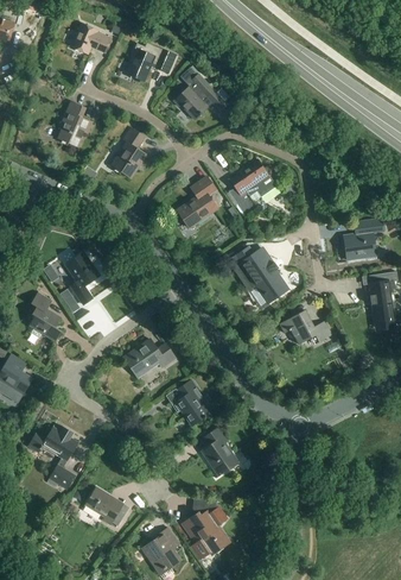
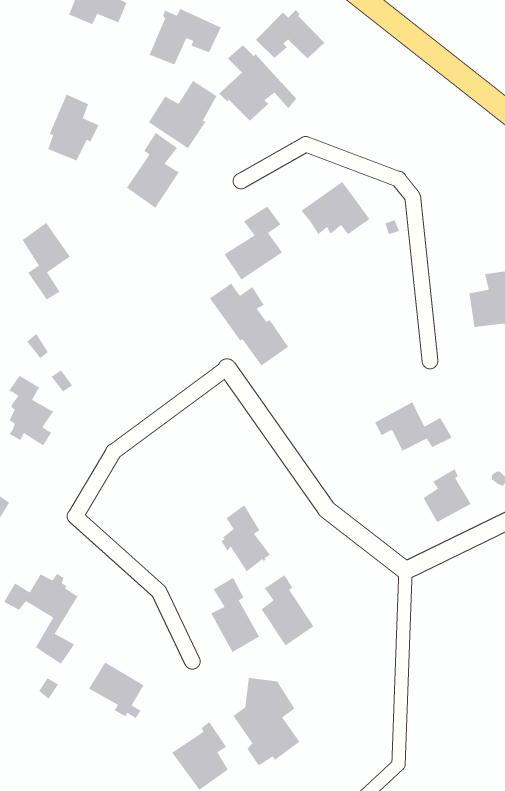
building: none -> [255,9,325,59]
building: none -> [148,80,217,149]
building: [233,246,287,303] -> [209,282,289,366]
building: [65,252,100,305] -> [20,222,71,300]
building: [123,340,176,378] -> none
building: none -> [423,468,472,523]
building: none -> [210,577,260,653]

